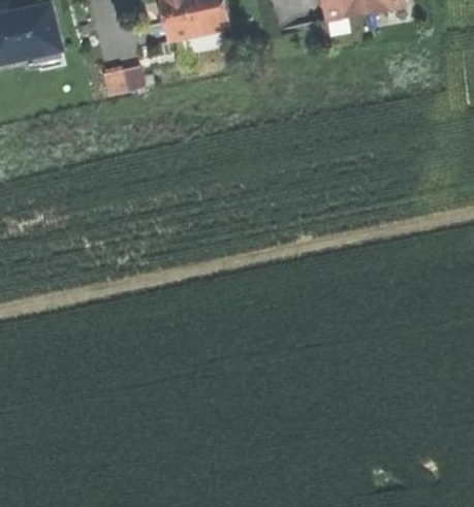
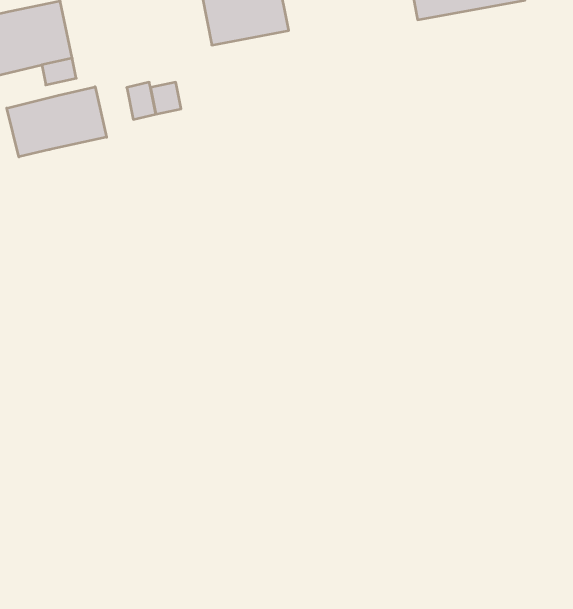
building: none -> [7,87,107,157]

